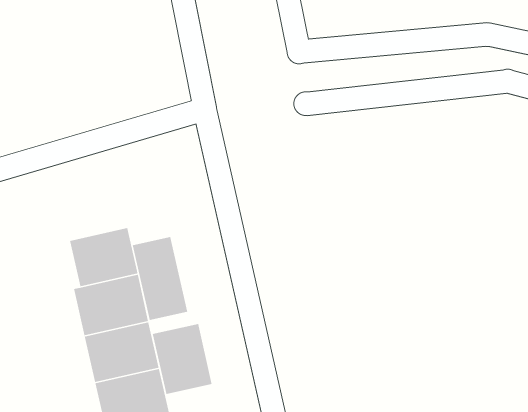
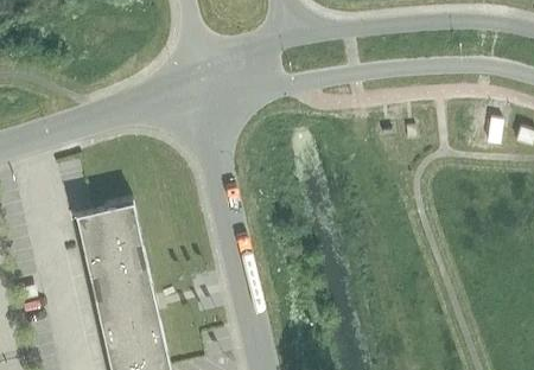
building: [132,236,188,321] -> none
building: [152,323,213,395] -> none

